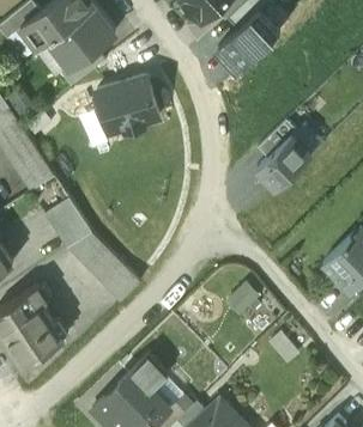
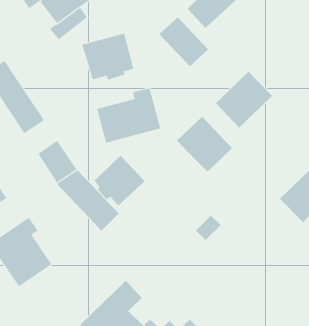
building: none -> [159,16,209,67]
building: none -> [97,87,161,144]
building: none -> [176,116,233,173]
building: none -> [94,155,146,206]

